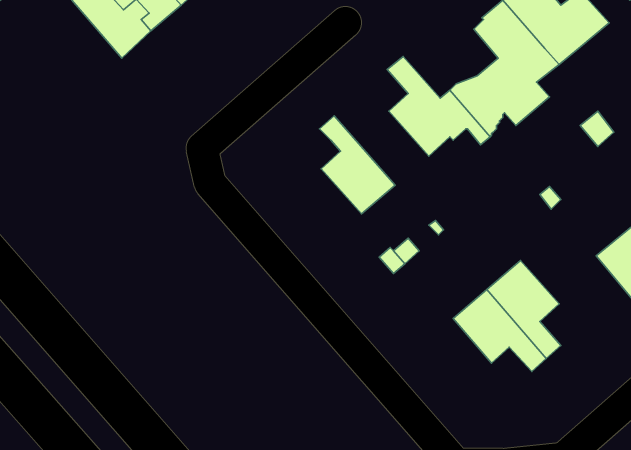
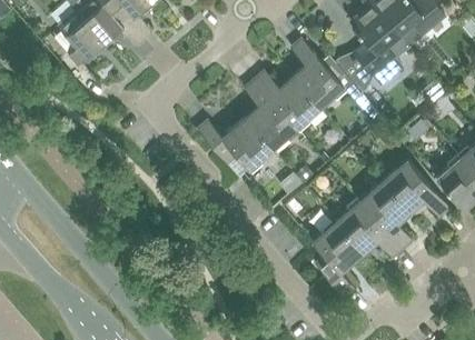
building: none -> [57,9,107,67]
building: none -> [254,72,319,129]
building: none -> [197,118,273,177]
building: none -> [383,160,448,217]
building: none -> [311,221,363,299]

